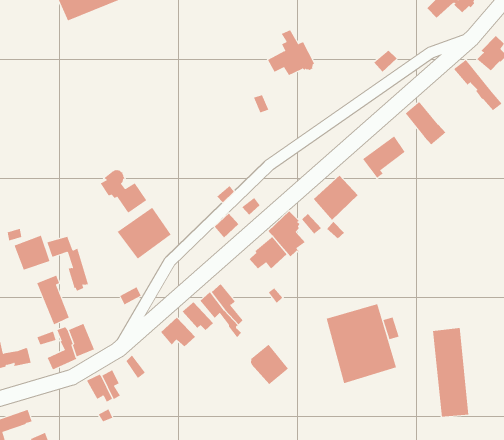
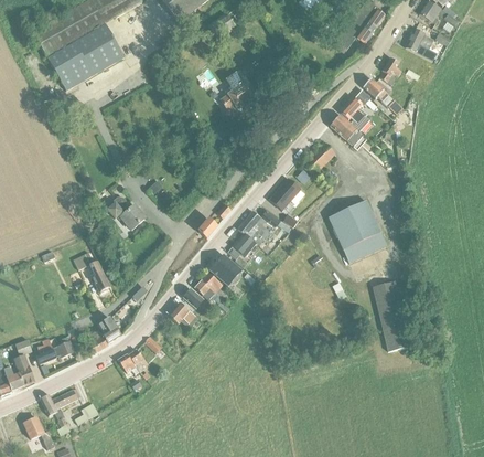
building: none -> [341,88,377,129]
building: [117,207,172,260] -> none
building: [14,235,50,270] -> none
building: [36,275,69,325] -> none
building: [326,304,397,384] -> [329,199,387,263]
building: [250,344,289,385] -> [211,254,240,285]

